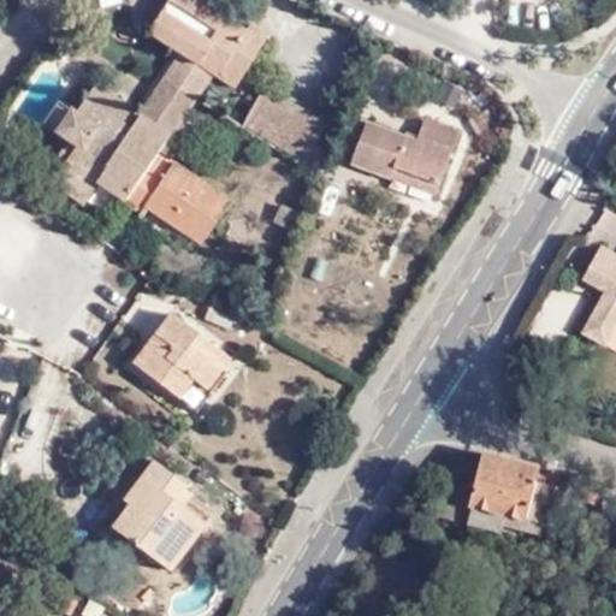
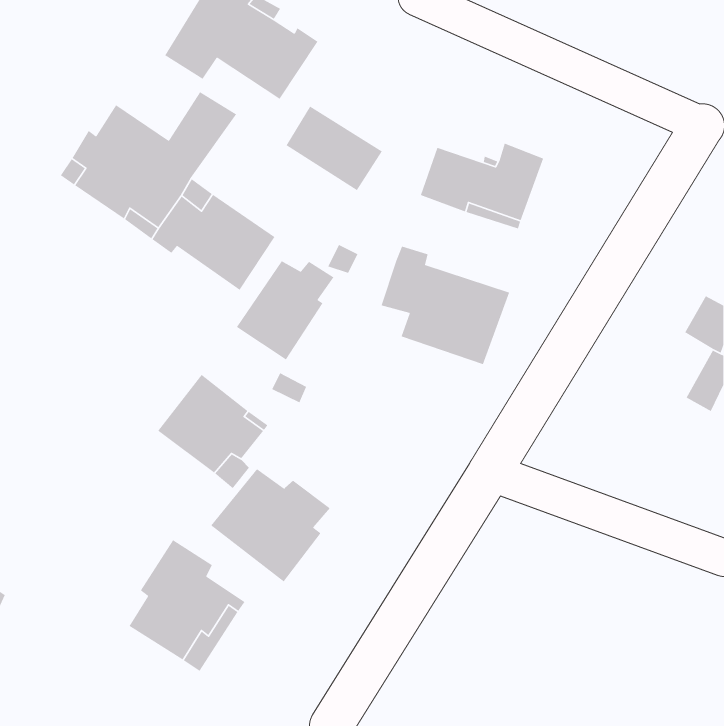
building: none -> [380,245,510,365]
building: none -> [236,260,334,360]
building: none -> [210,468,331,583]
building: [466,448,540,531] -> none

